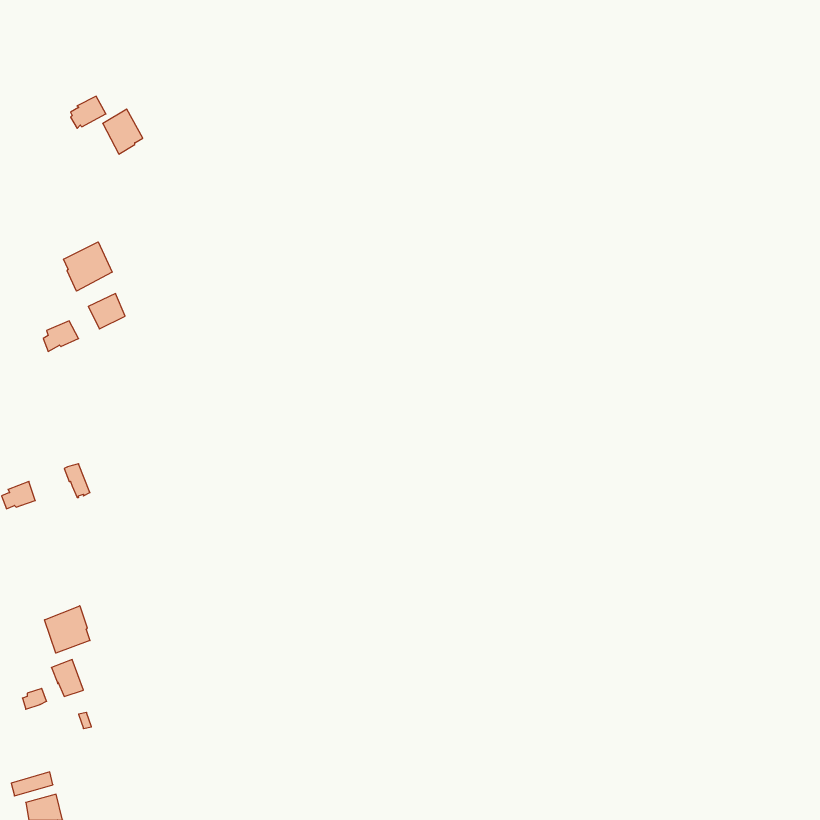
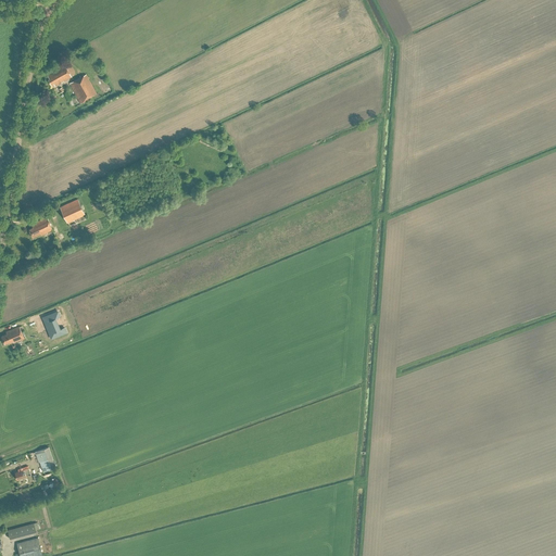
building: [64,242,112,291] -> none
building: [45,606,90,653] -> none

